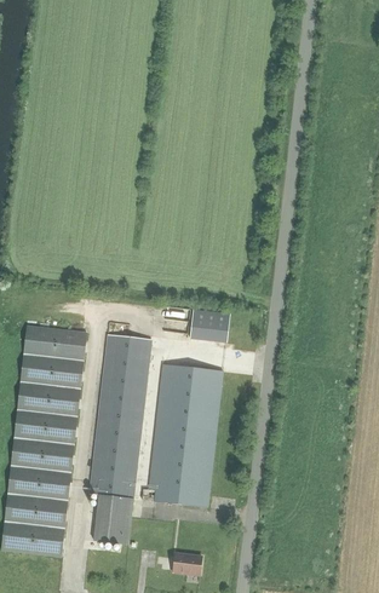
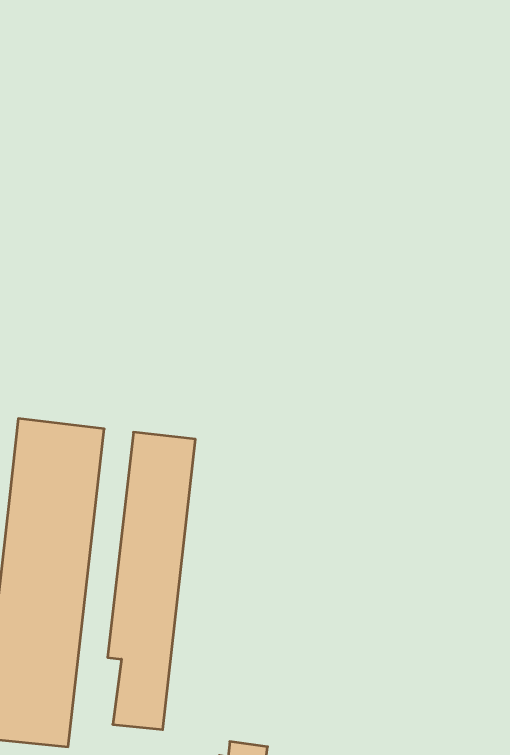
building: [190,307,230,340] -> none
building: [140,364,222,506] -> none

